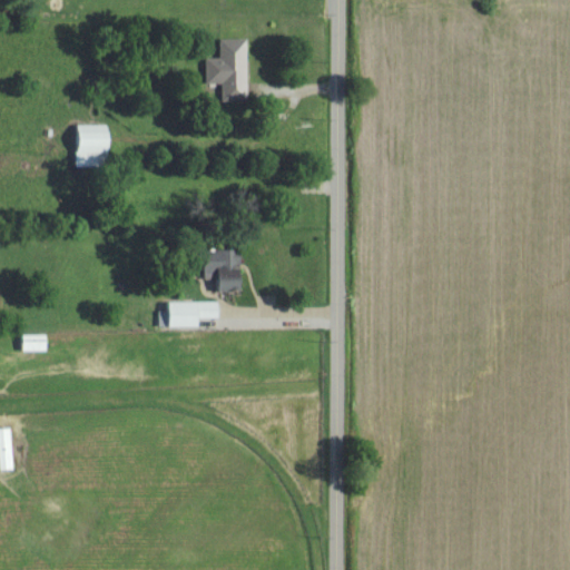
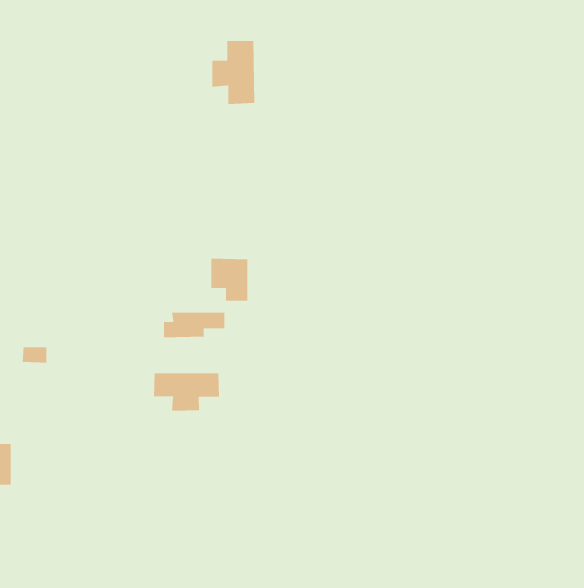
building: [75,124,109,167] -> none
building: none -> [153,373,220,411]

